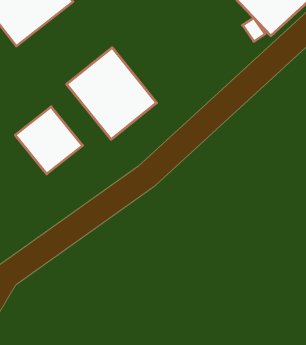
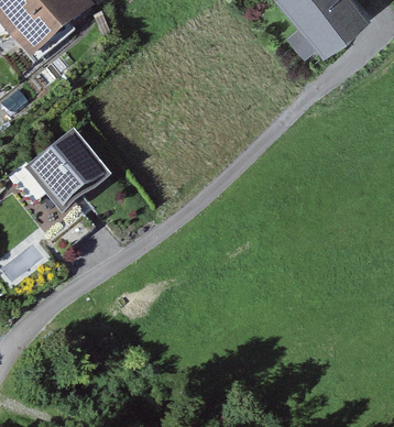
building: [67,48,157,139] -> none

